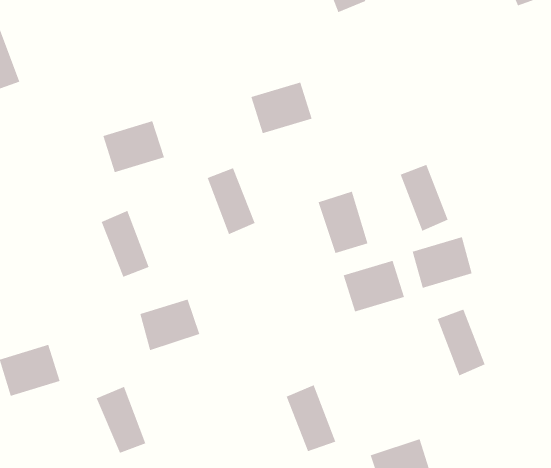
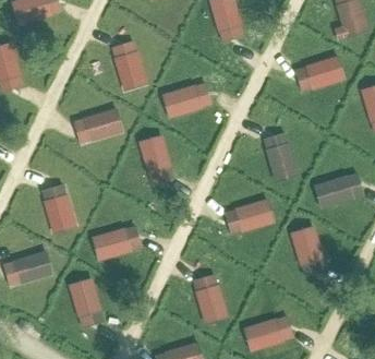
building: none -> [110,43,143,86]
building: none -> [298,53,337,87]
building: [318,191,368,254] -> none
building: [101,210,150,277] -> [39,186,71,229]
building: [412,236,472,289] -> [314,172,353,206]

